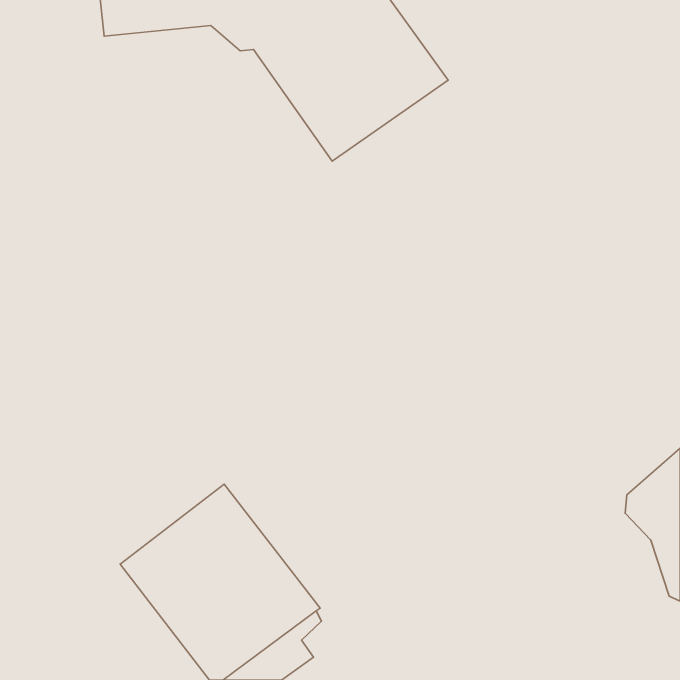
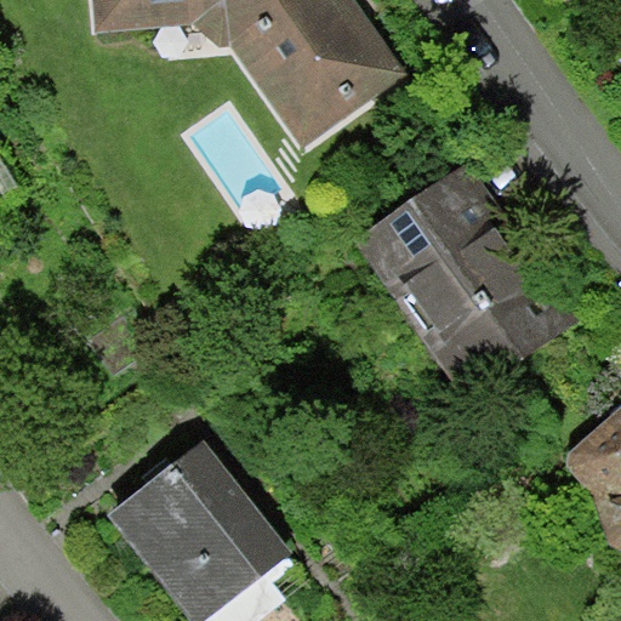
building: none -> [355,165,572,375]

